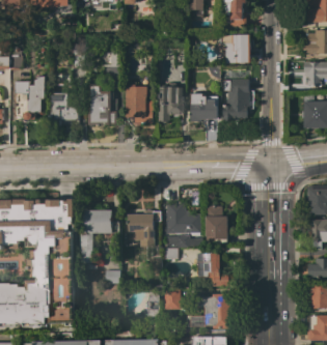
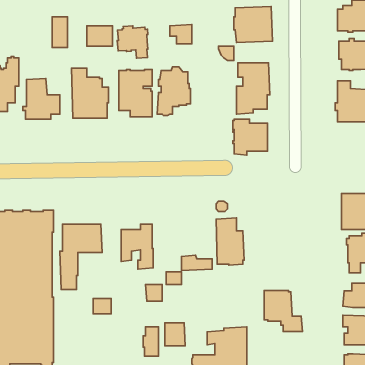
building: none -> [117,26,148,58]
building: [189,93,217,122] -> [233,119,267,155]
building: [165,202,200,233] -> none
building: [196,253,227,286] -> [264,290,302,331]

